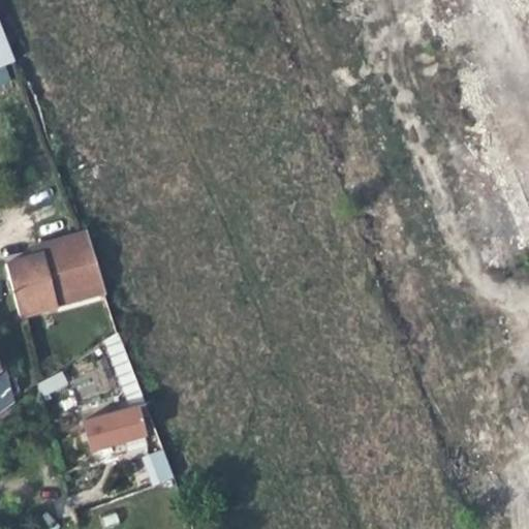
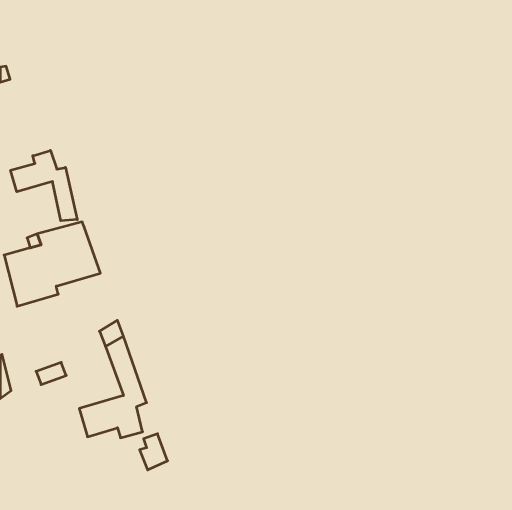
building: none -> [11,150,77,221]

